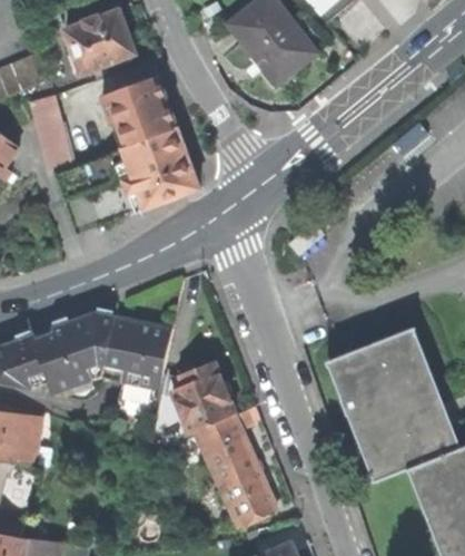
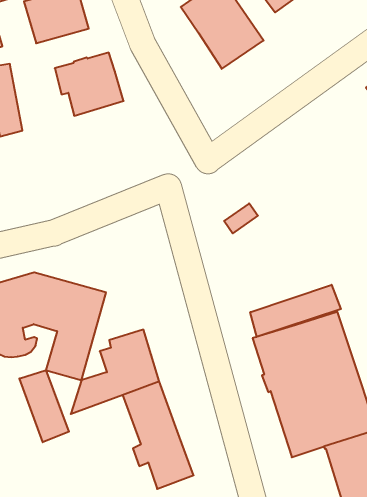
building: [121,126,198,212] -> none
building: none -> [250,285,341,337]
building: none -> [19,370,69,442]

